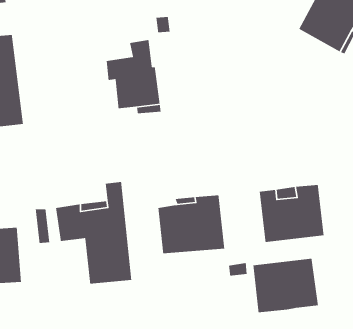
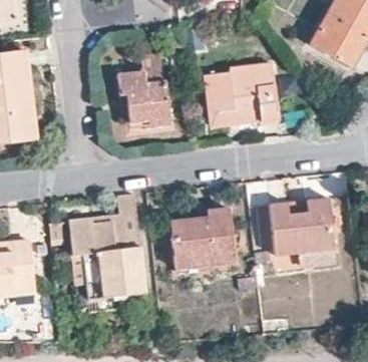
building: none -> [204,62,280,127]
building: [253,258,319,313] -> none

